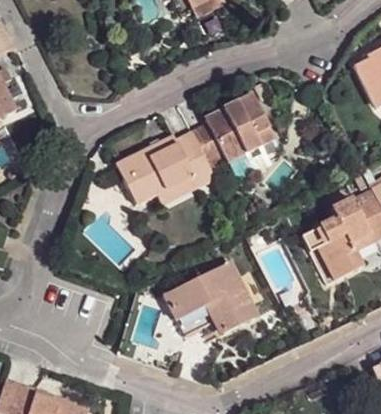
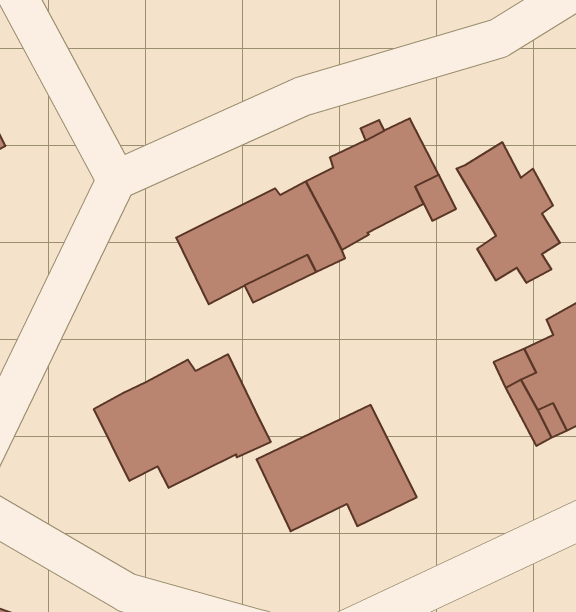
building: none -> [456,142,560,283]
building: none -> [94,354,271,488]

